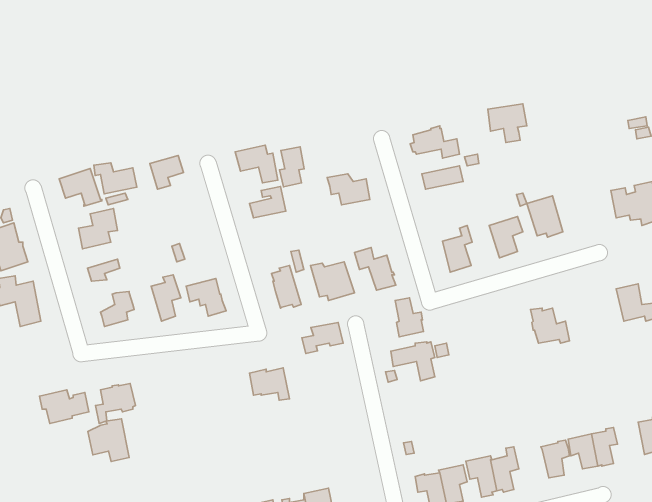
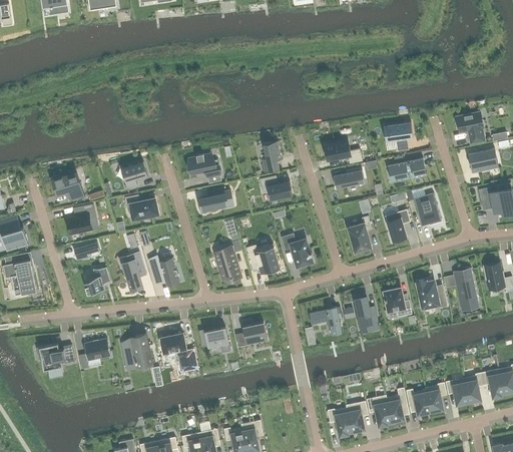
building: none -> [456,113,484,144]
building: none -> [466,148,497,174]
building: [280,147,304,187] -> [261,142,280,173]
building: none -> [391,158,426,182]
building: [94,163,137,194] -> [124,195,157,219]
building: none -> [454,268,478,306]
building: [395,298,424,337] -> [355,298,377,328]
building: none -> [383,289,411,318]
building: [302,322,343,353] -> [234,323,267,347]
building: none -> [158,334,195,370]
building: [88,419,129,461] -> [120,335,152,368]
building: none -> [480,369,504,398]
building: none -> [405,389,430,415]

